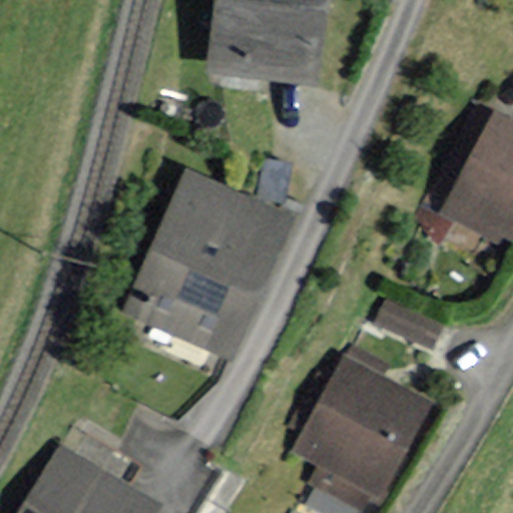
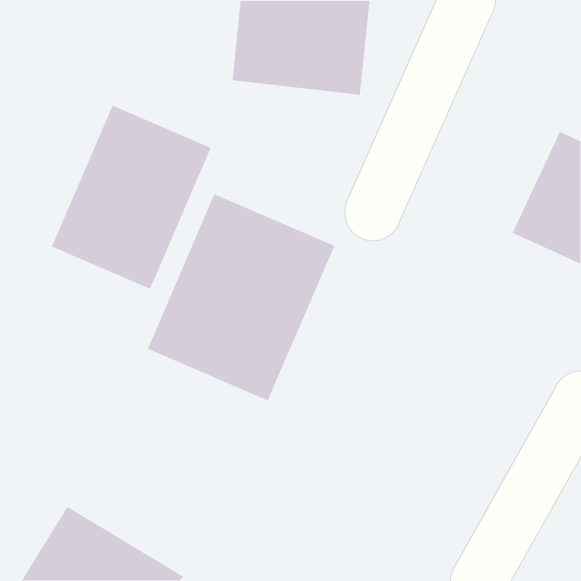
building: none -> [51,105,212,290]
building: [299,360,428,503] -> none

